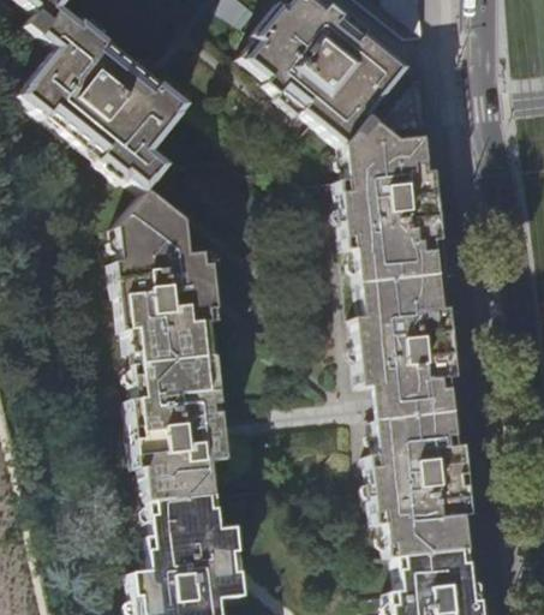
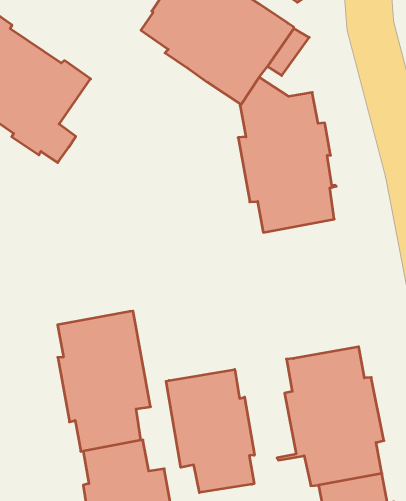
building: [115,175,216,364] -> none
building: [354,274,455,419] -> none
building: none -> [166,369,254,493]

